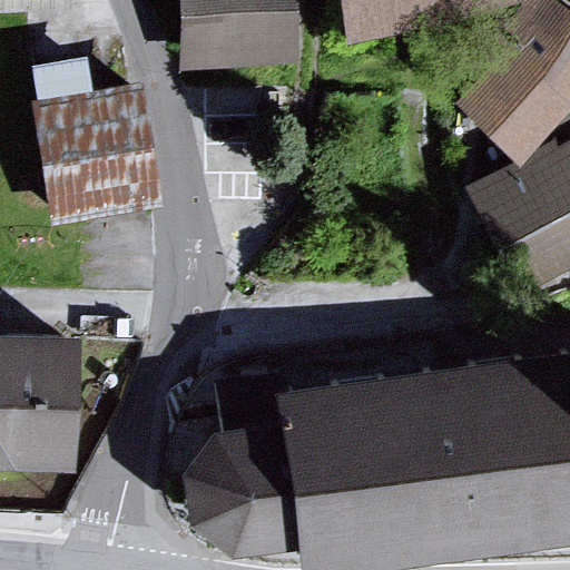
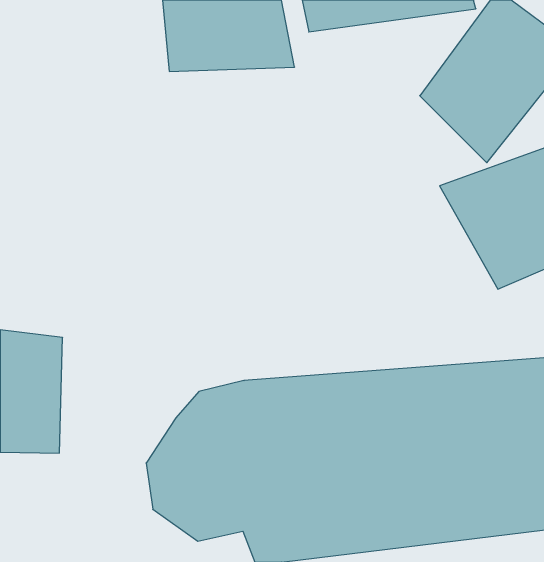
building: [33,86,159,227] -> none

